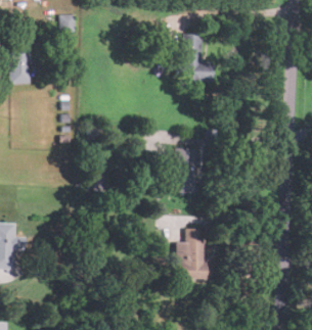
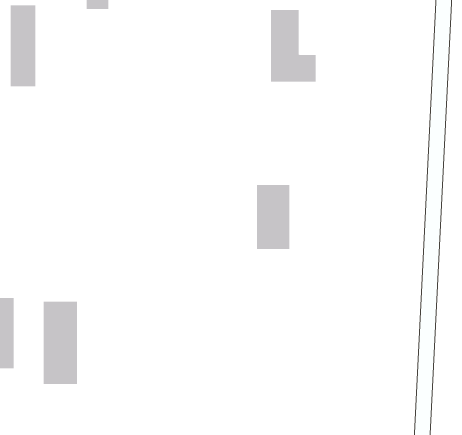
building: none -> [43,301,78,385]
building: [177,228,205,278] -> none

